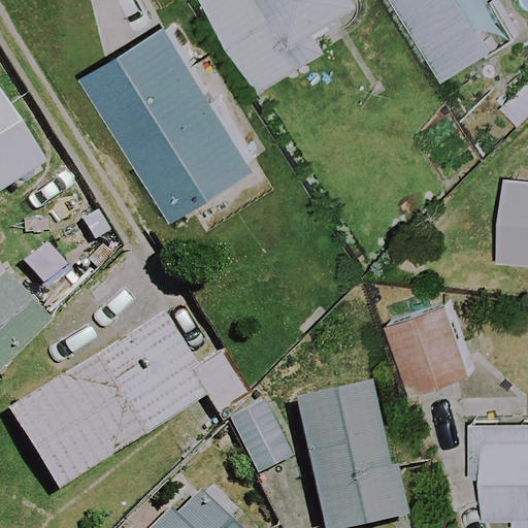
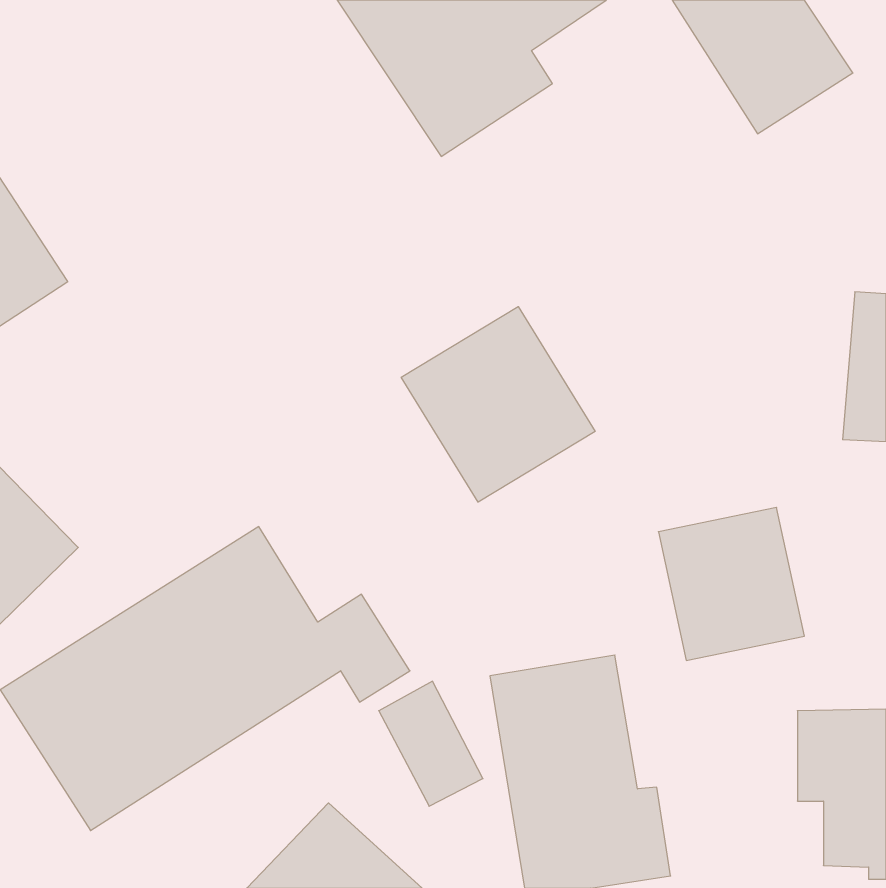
building: [90,24,265,217] -> none
building: none -> [401,307,595,502]

